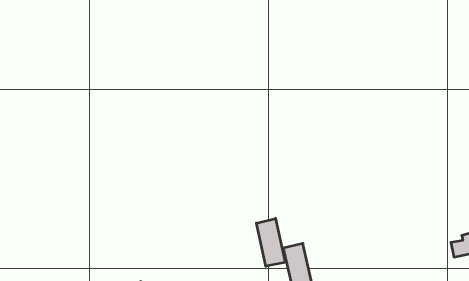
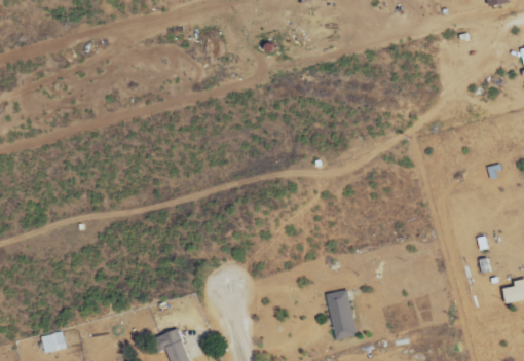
building: [256,218,285,266] -> none

